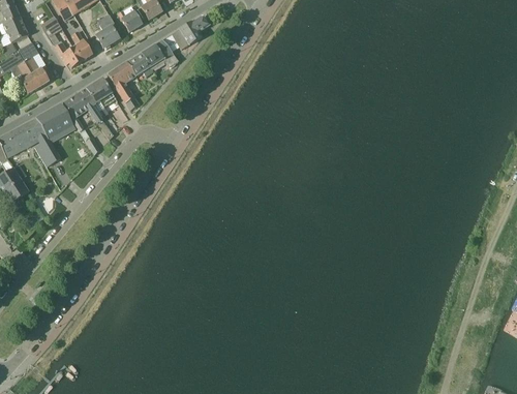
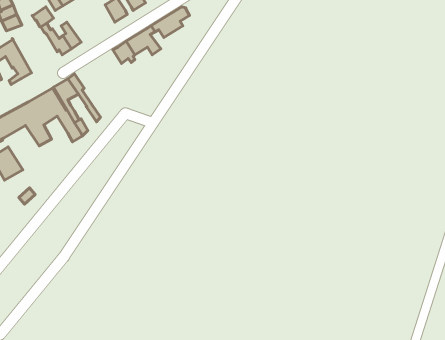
building: [95,12,119,47] -> none
building: [18,40,49,86] -> none
building: [107,60,139,109] -> none
building: [85,77,116,105] -> none

